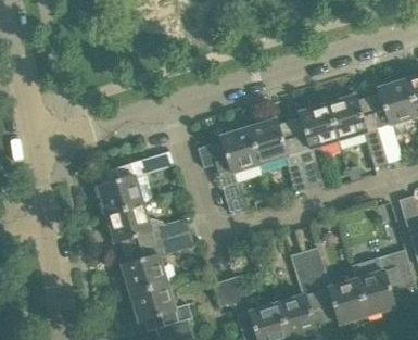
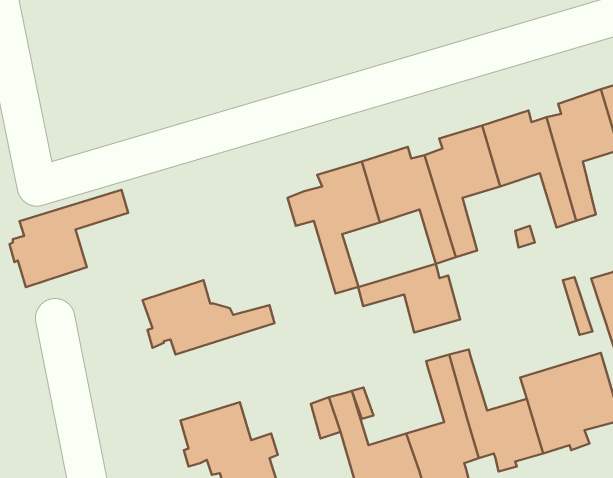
building: [93,150,172,214] -> [9,190,128,287]
building: none -> [358,264,460,332]
building: [117,229,197,293] -> none

